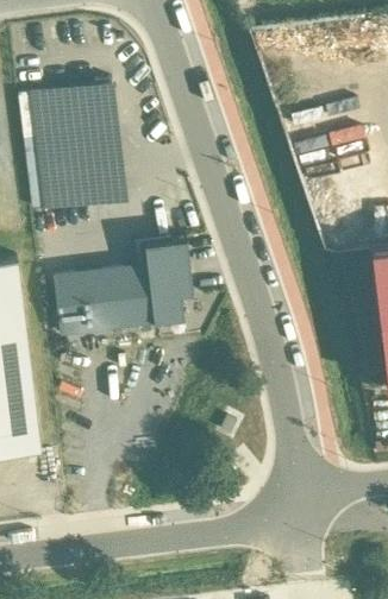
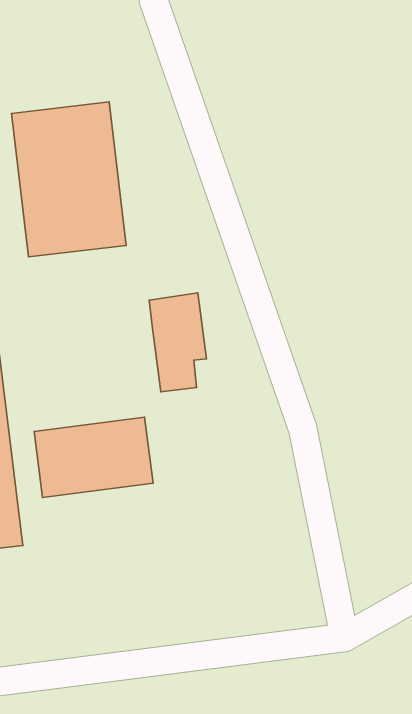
building: [55,272,154,339] -> [34,417,153,498]

